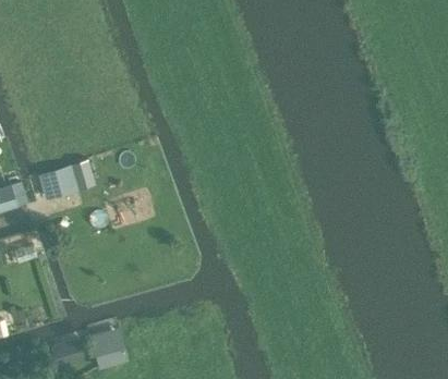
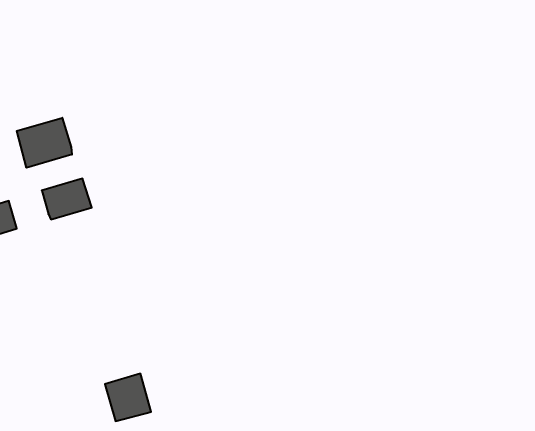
building: none -> [17,118,72,168]

